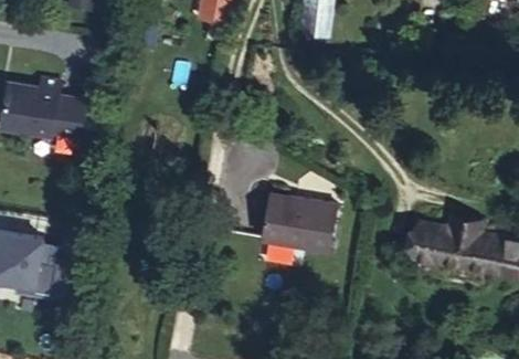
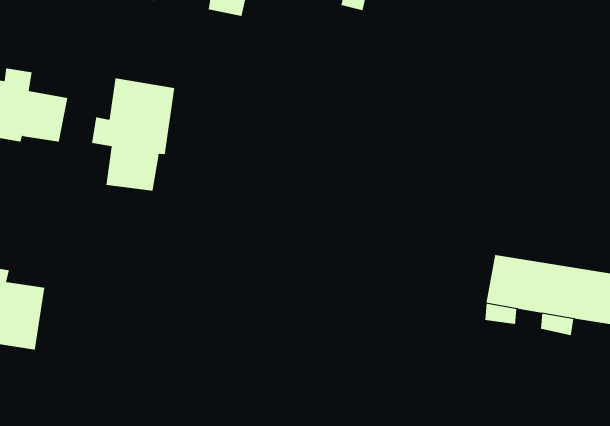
building: none -> [92,78,175,191]
building: [257,190,333,251] -> none

